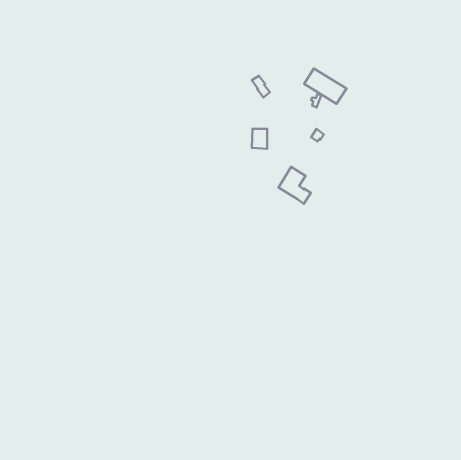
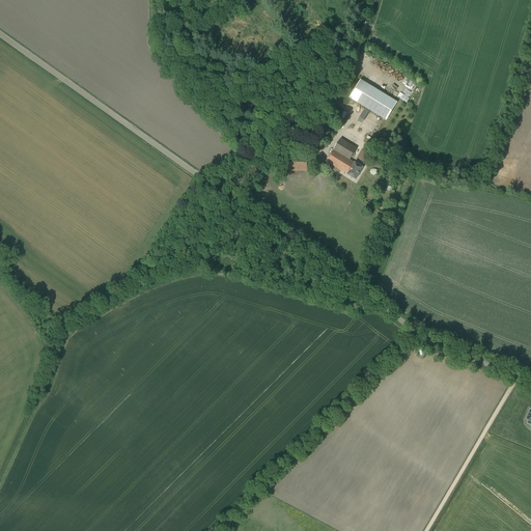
building: [278,167,311,204] -> [326,137,363,179]

